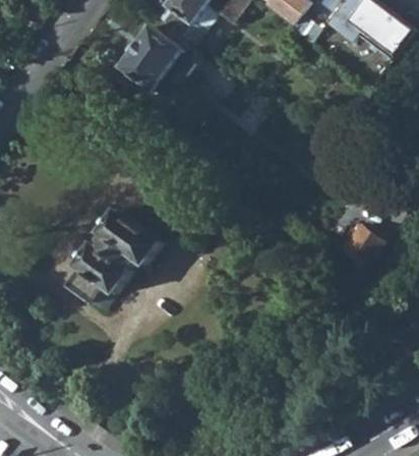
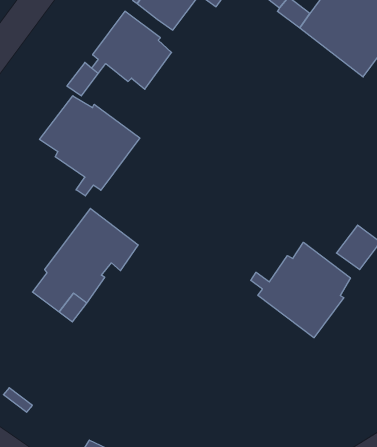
building: none -> [40,96,140,196]
building: none -> [251,242,350,338]

